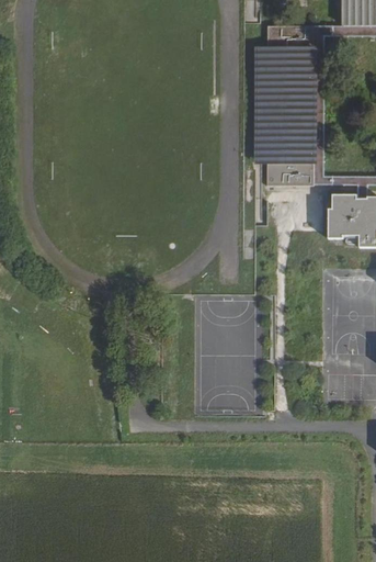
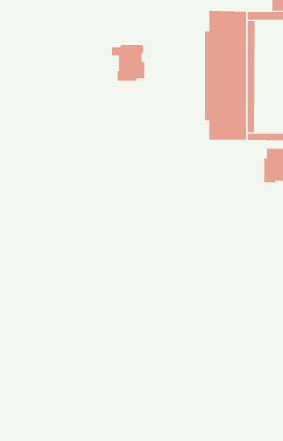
building: none -> [112,44,145,81]

